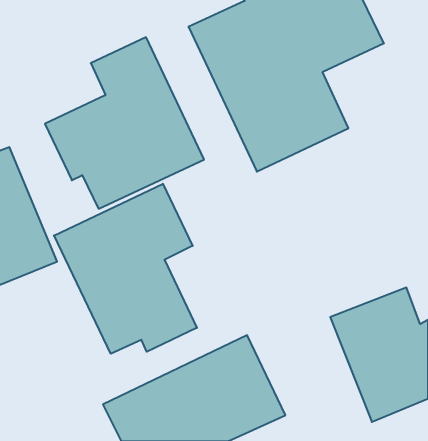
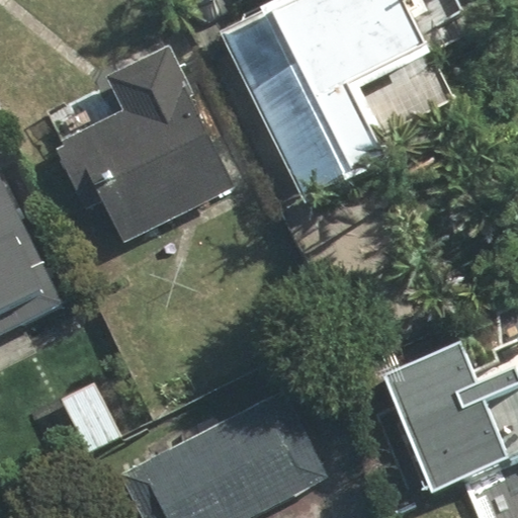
building: [54,184,197,354] -> none

